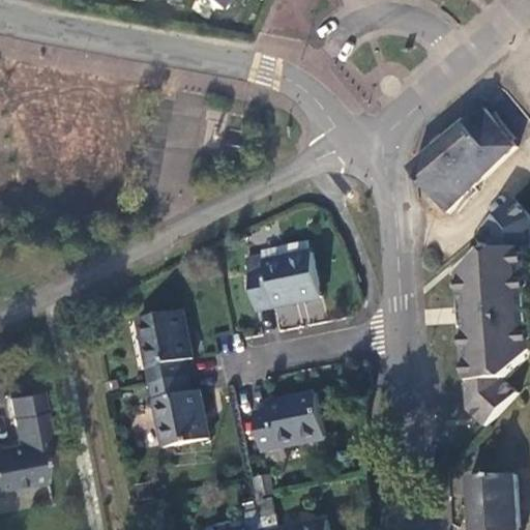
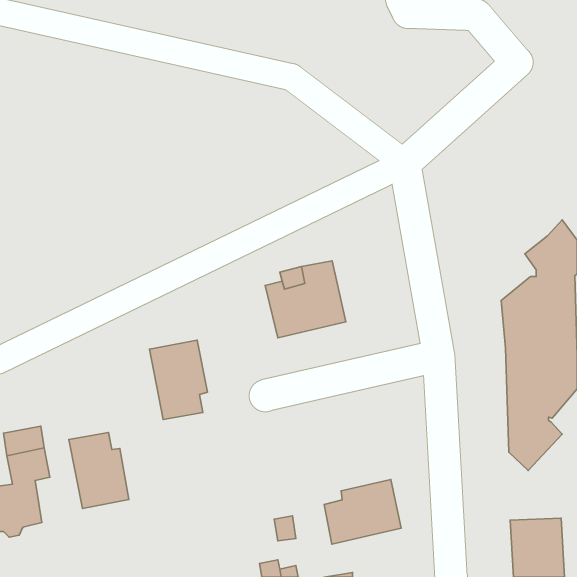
building: [412,108,523,212] -> none
building: [149,377,204,446] -> [69,433,129,509]
building: [252,391,322,450] -> [324,479,401,544]

